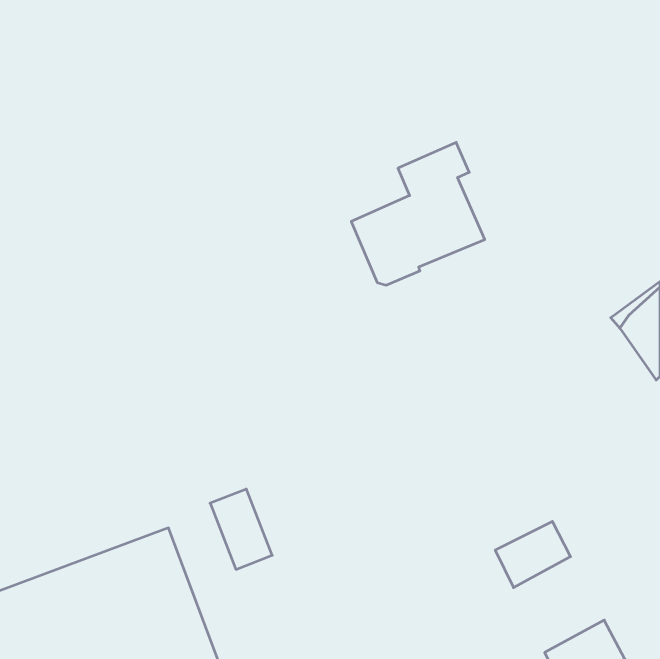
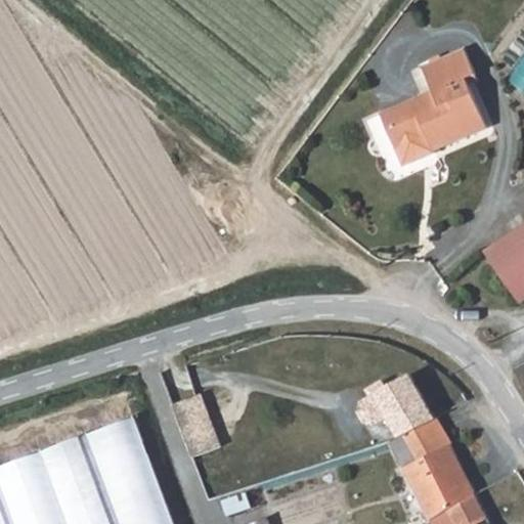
building: [351,142,485,285] -> [377,51,482,164]
building: none -> [359,369,436,433]
building: none -> [405,442,477,518]

